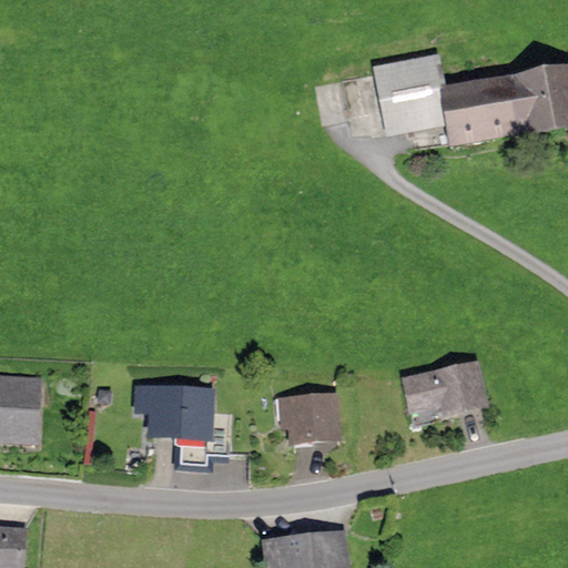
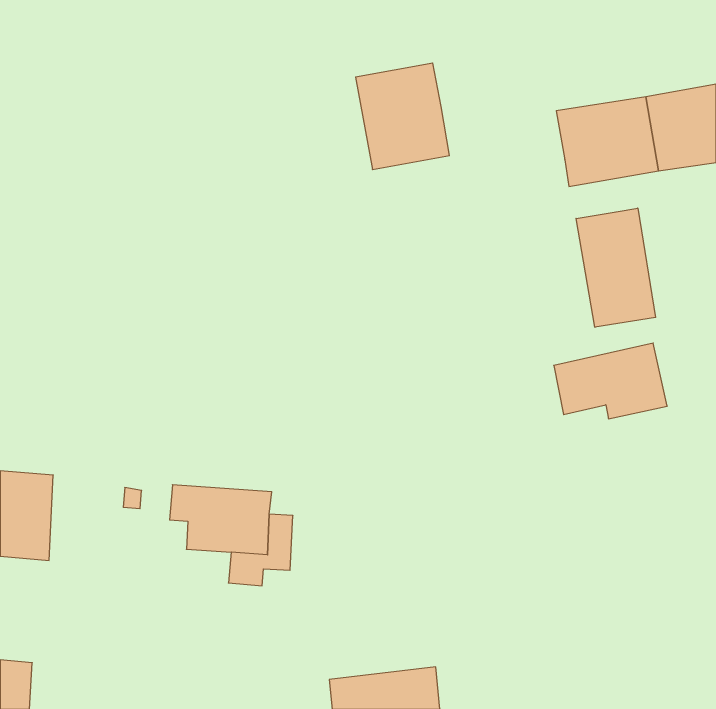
building: [373,53,447,138] -> [356,63,449,170]
building: none -> [576,208,656,327]
building: [403,356,493,416] -> [554,343,667,419]
building: [283,394,339,442] -> none

